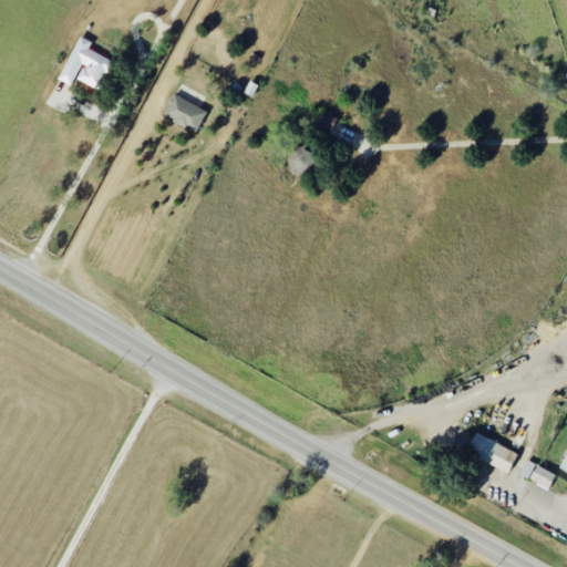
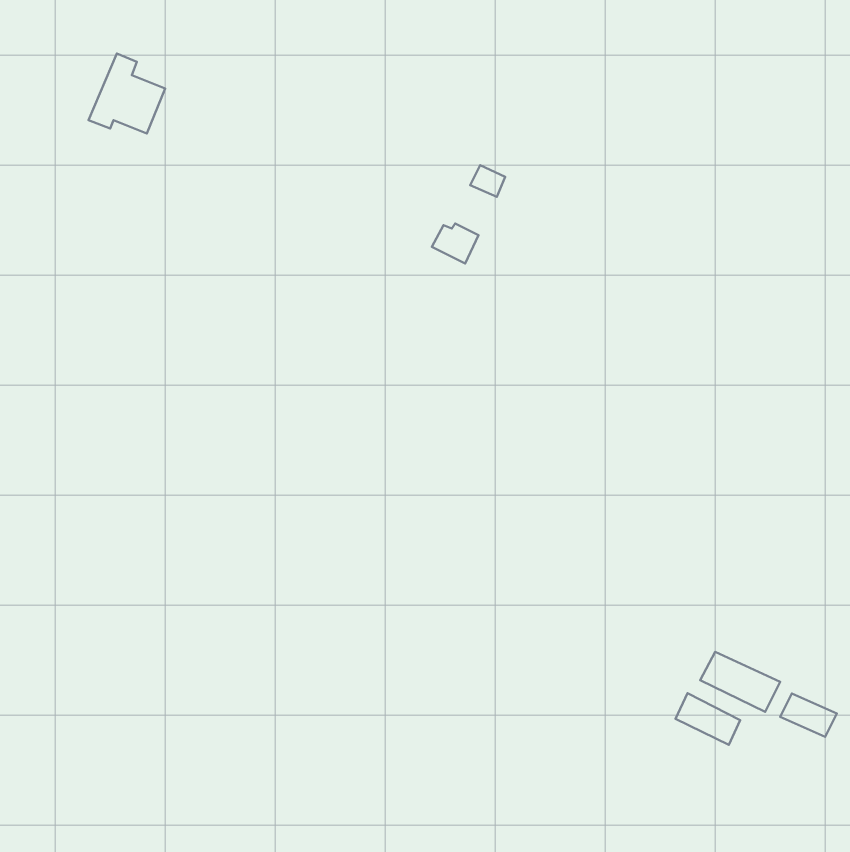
building: [163,94,207,132] -> none
building: none -> [675,693,740,745]

